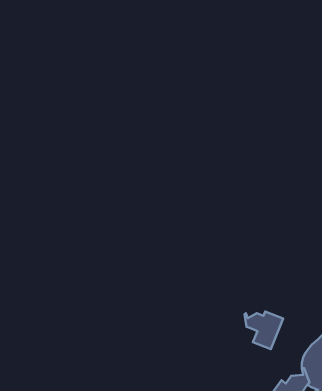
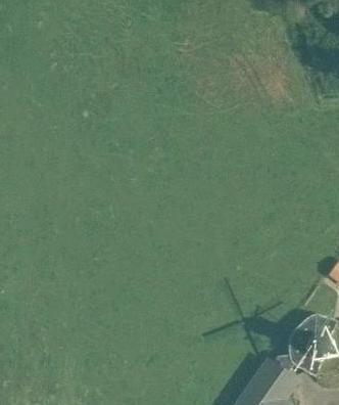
building: [244,312,283,349] -> none

